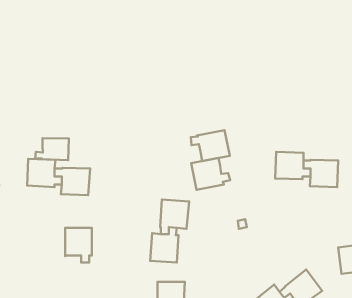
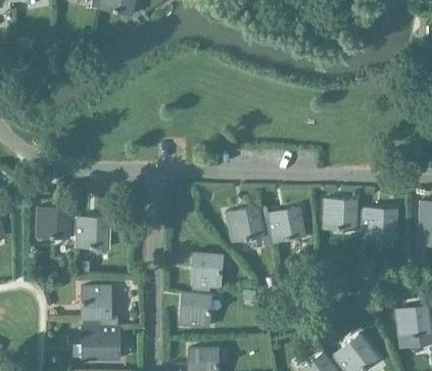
building: [191,130,230,161] -> [259,206,304,242]
building: [35,138,69,160] -> none
building: none -> [81,318,119,359]

